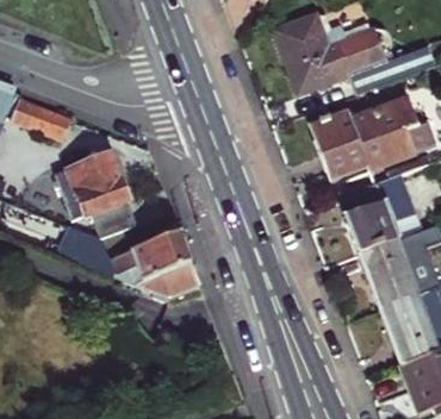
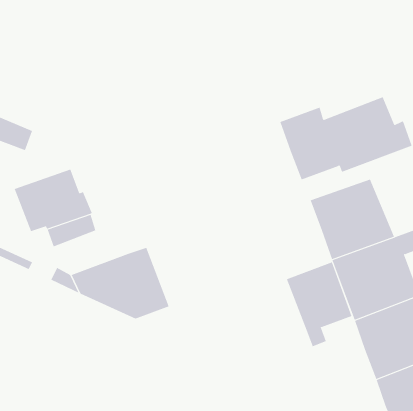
building: [273,11,416,90] -> none
building: none -> [286,262,352,347]

